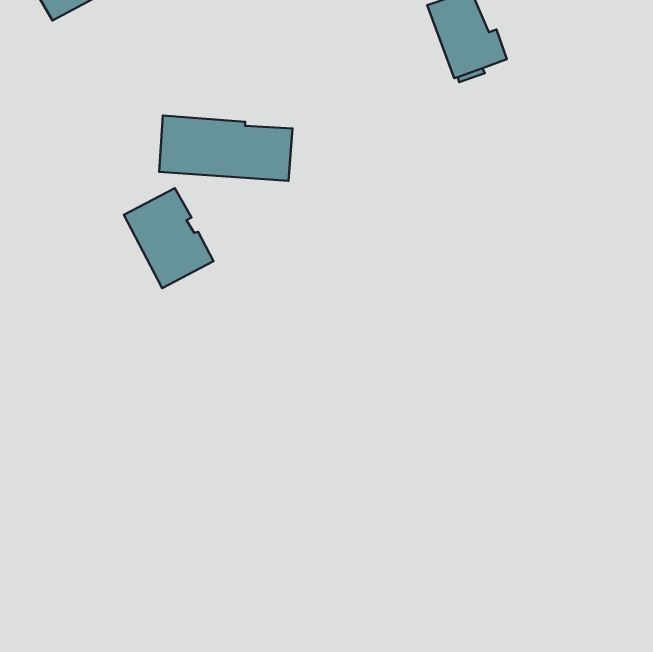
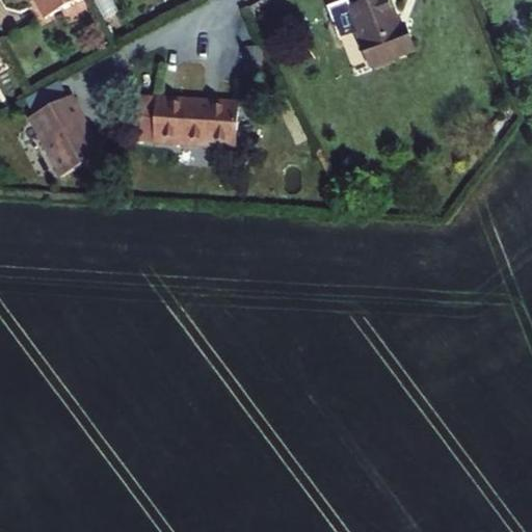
building: [124,188,213,288] -> [27,95,100,176]

